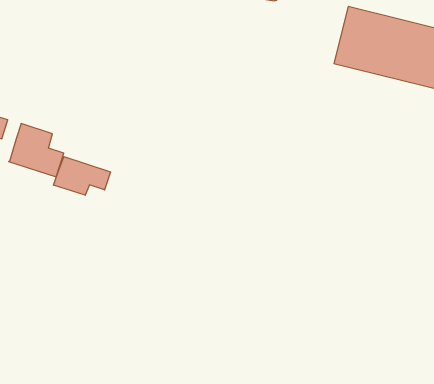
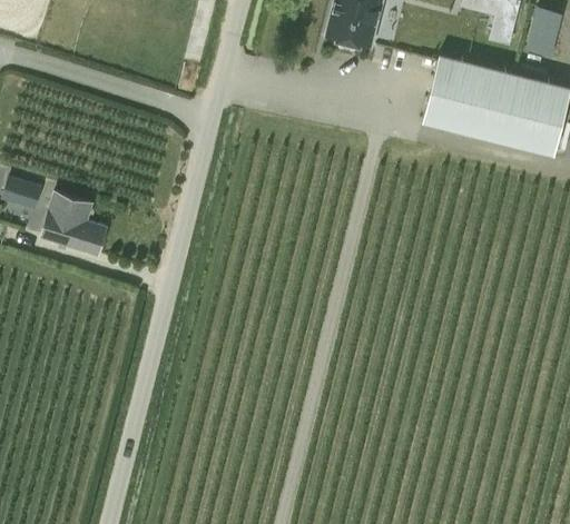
building: [54,156,111,195] -> none

